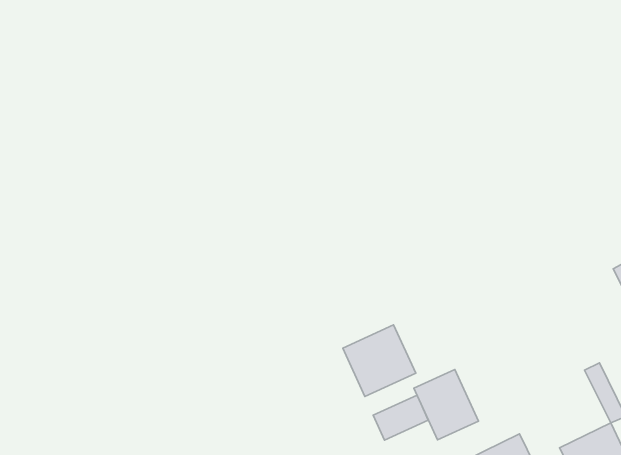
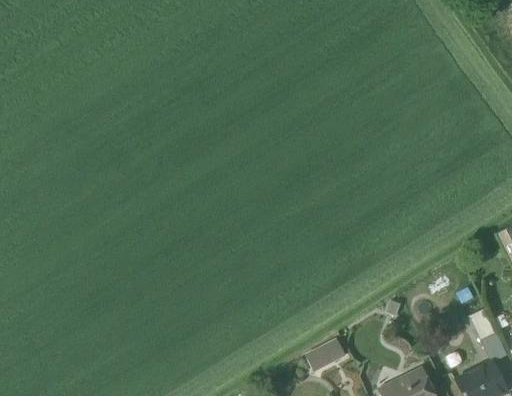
building: [343,325,416,397] -> none
building: [414,369,479,440] -> none

